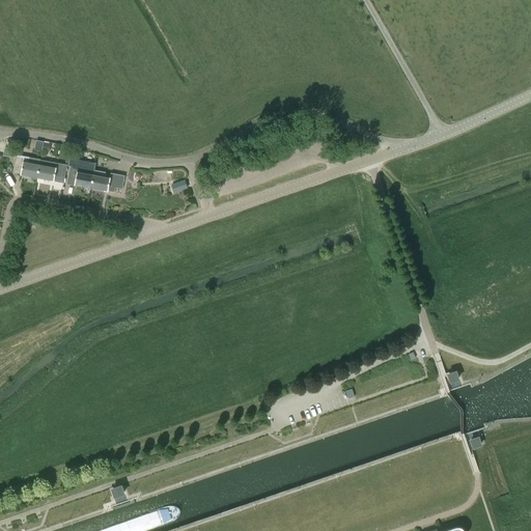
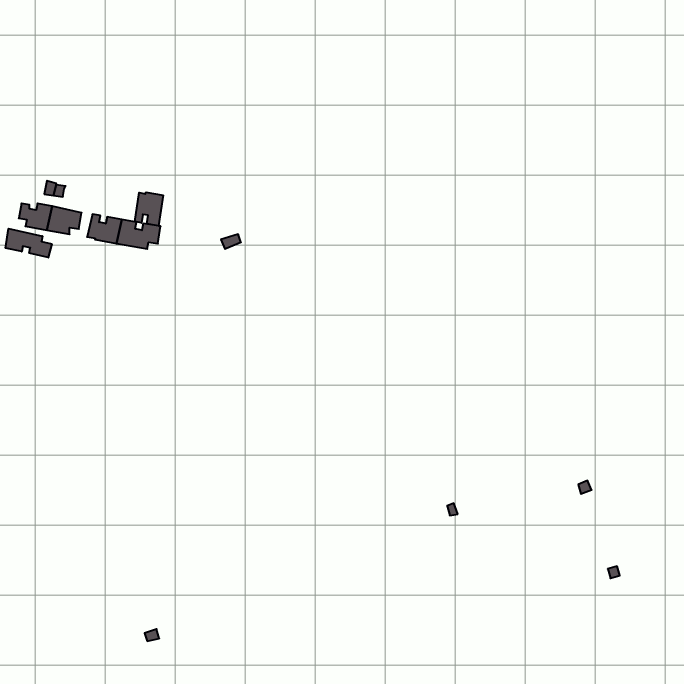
building: none -> [135,192,163,226]
building: none -> [6,229,52,258]

